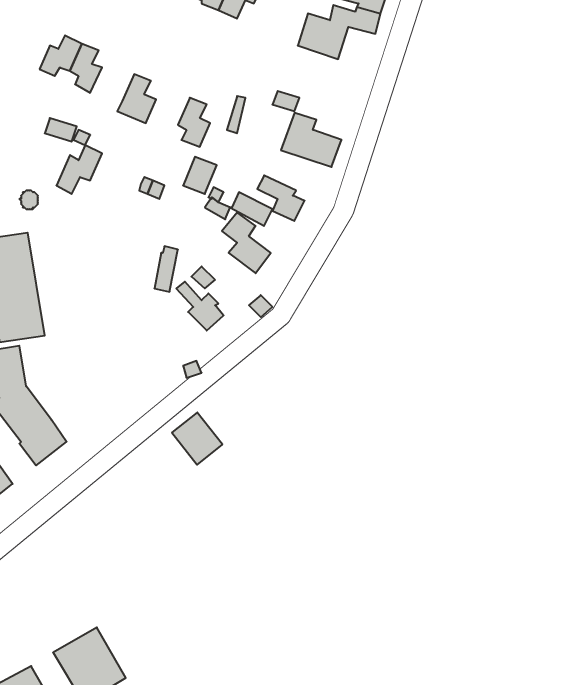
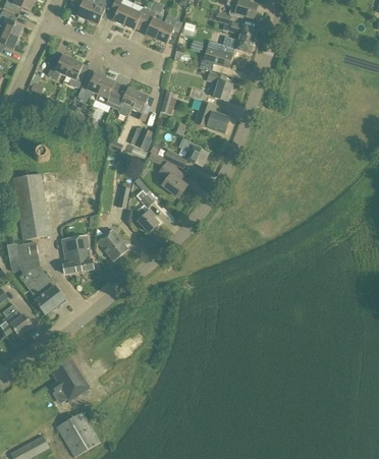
building: none -> [207,70,232,101]
building: none -> [112,88,139,116]
building: [56,145,102,194] -> [77,72,105,102]
building: none -> [61,234,94,274]
building: [172,412,222,465] -> [98,229,128,261]
building: none -> [49,354,90,400]

